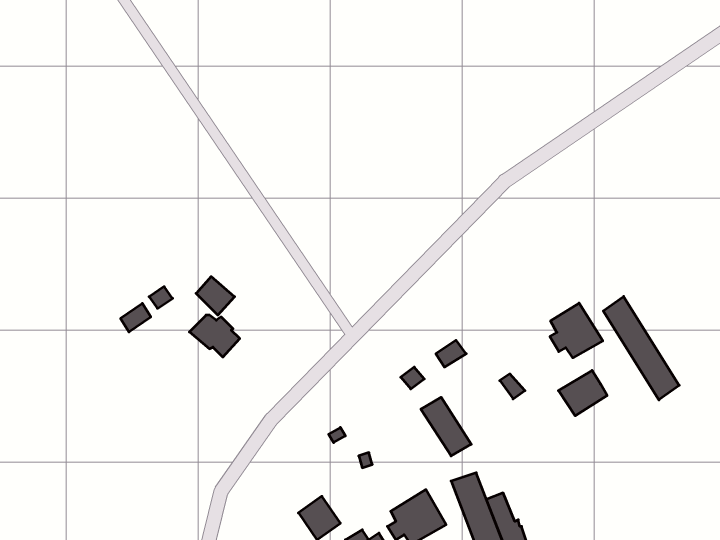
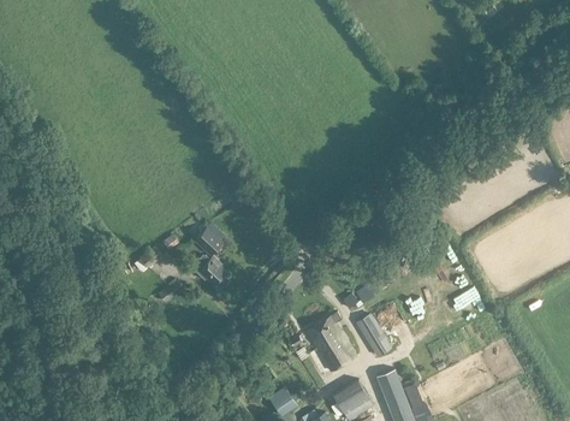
building: [603,296,679,400] -> none
building: [550,303,603,358] -> none
building: none -> [307,312,355,372]

